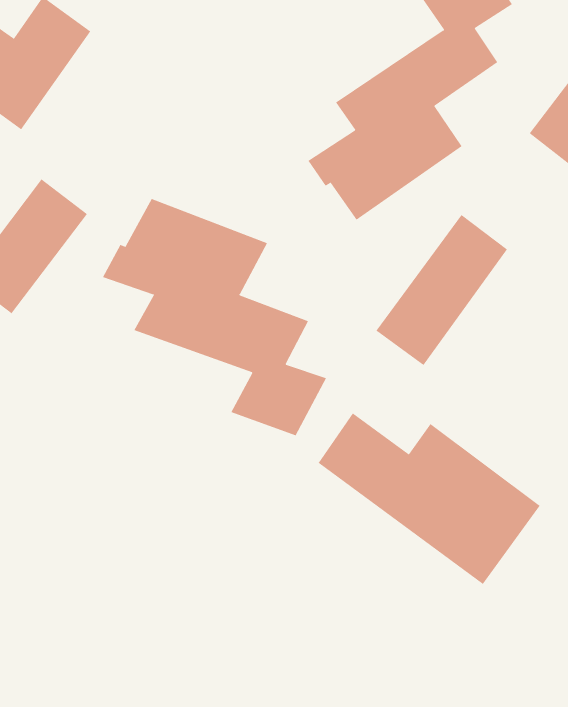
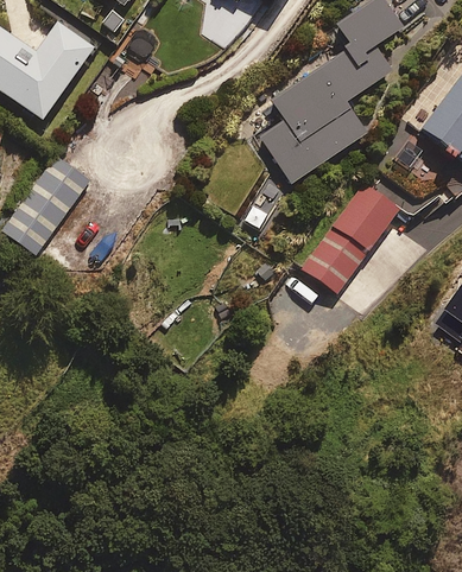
building: [102,198,327,436] -> none
building: [318,413,541,585] -> none

